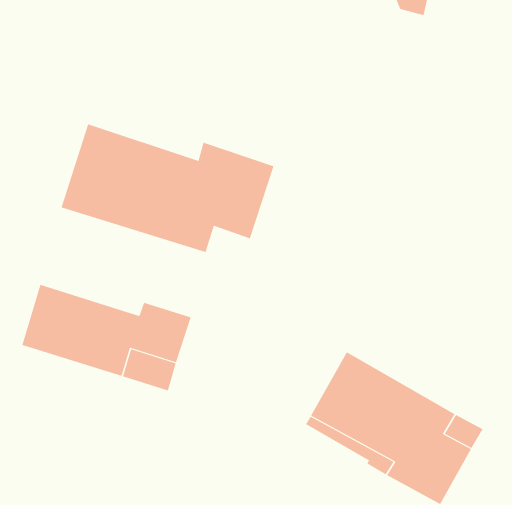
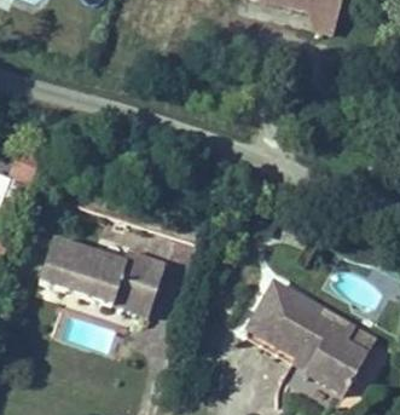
building: [61,123,274,253] -> none

